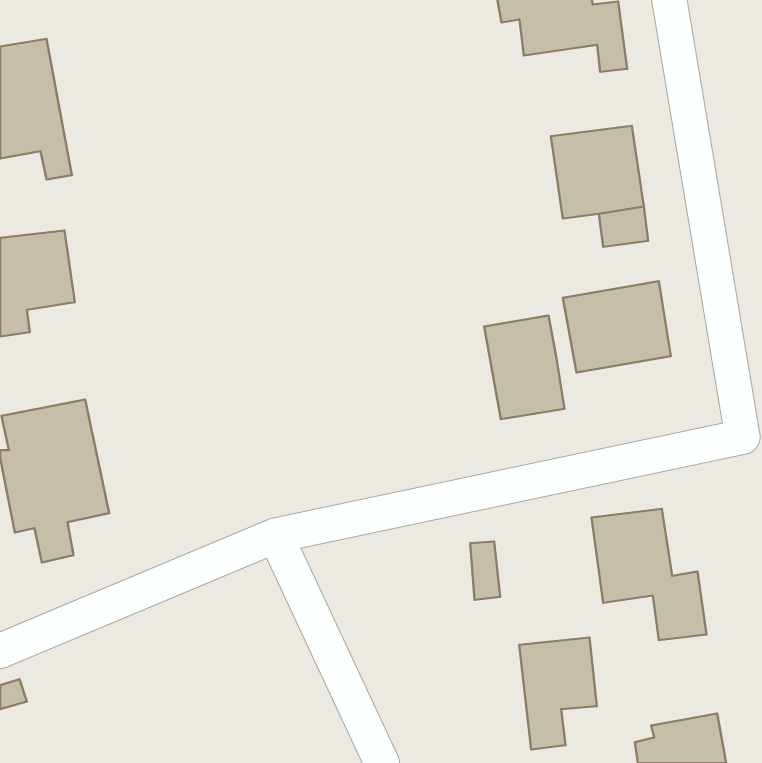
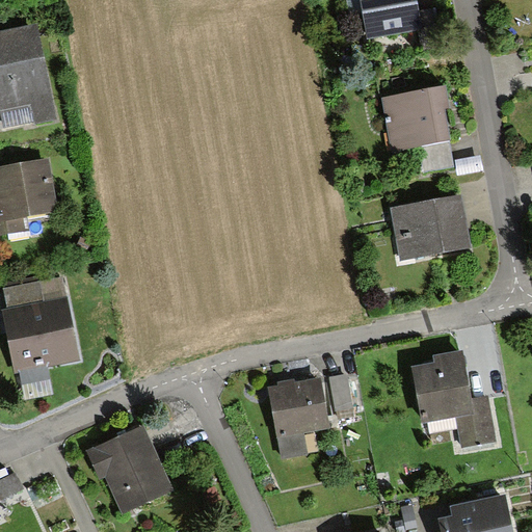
building: [484,315,564,419] -> none
building: none -> [91,428,168,511]
building: [519,637,597,750] -> [271,376,325,454]

